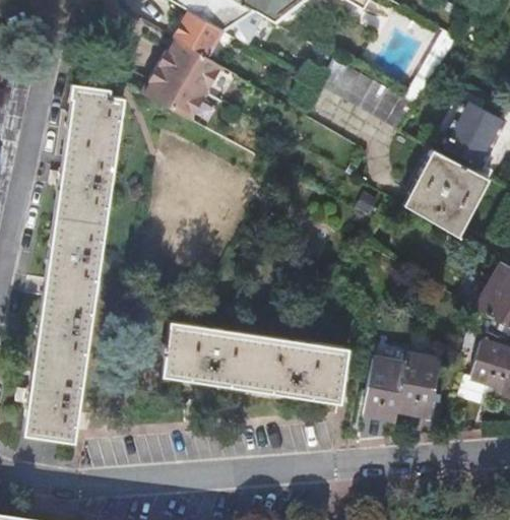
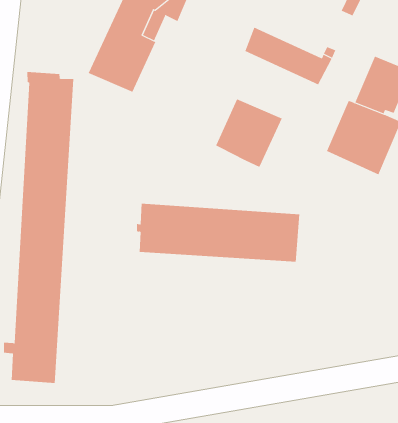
building: none -> [216,98,283,168]
building: [163,321,349,403] -> [136,203,300,262]
building: [364,355,442,418] -> none

